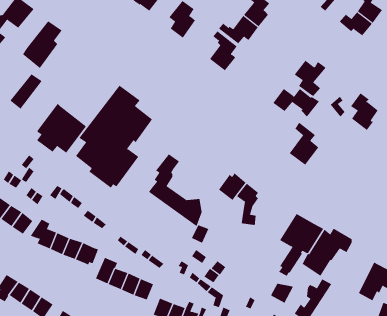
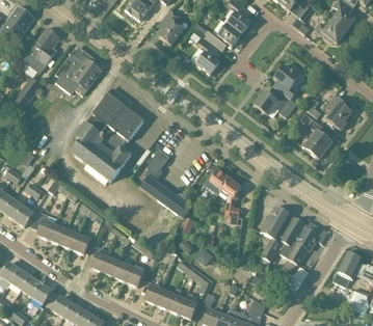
building: [36,103,87,154] -> [55,48,102,94]
building: [289,122,319,166] -> [303,118,331,159]

